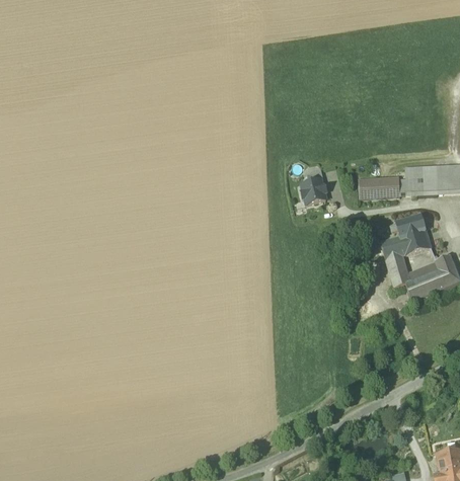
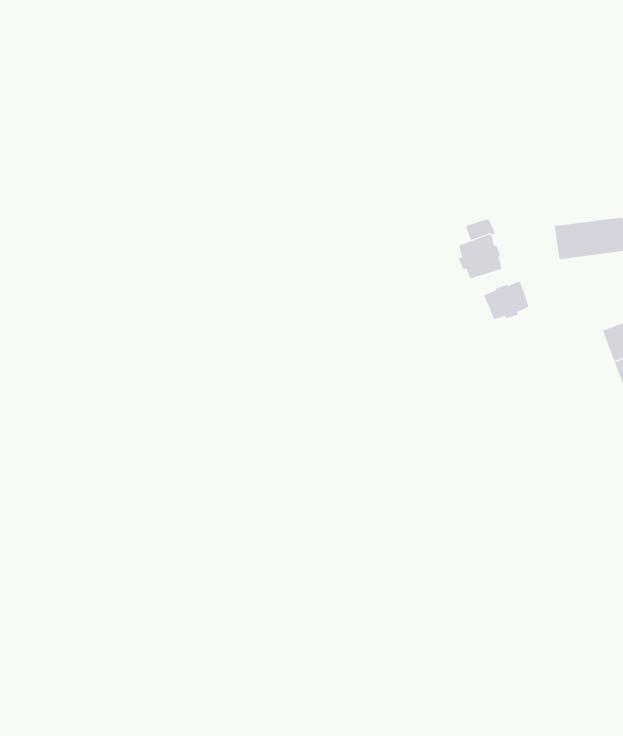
building: none -> [483,281,529,320]

